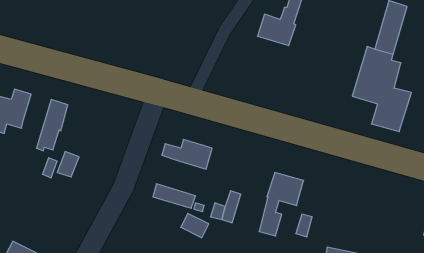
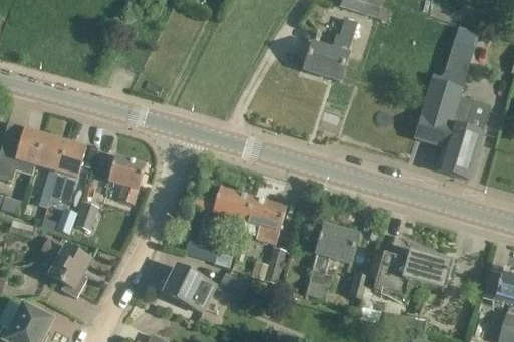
building: none -> [34,134,66,205]
building: none -> [107,155,145,203]
building: none -> [242,197,285,242]
building: none -> [41,239,89,297]
building: none -> [372,249,452,297]
building: none -> [163,265,215,311]

